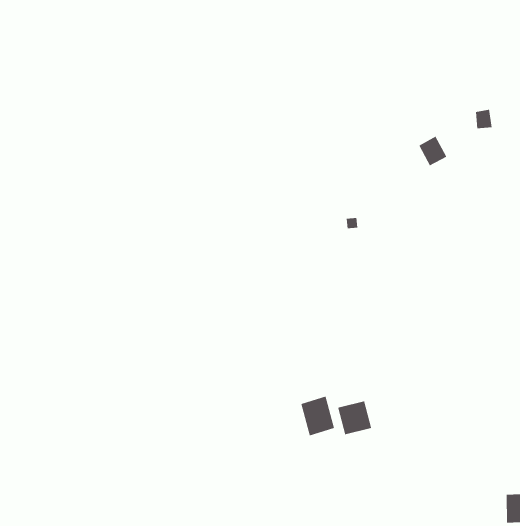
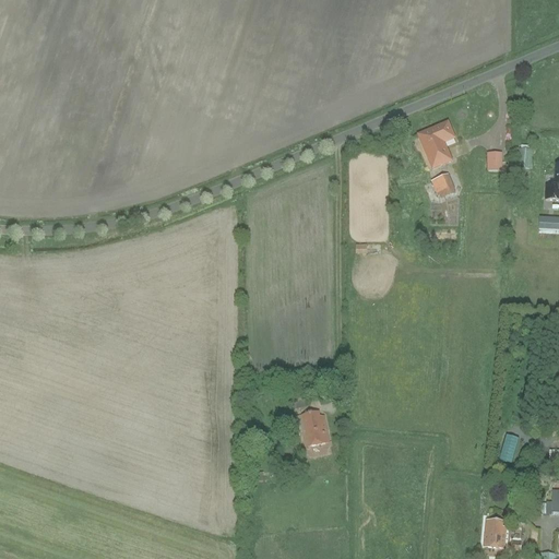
building: none -> [418,120,456,169]
building: [338,401,372,435] -> none

